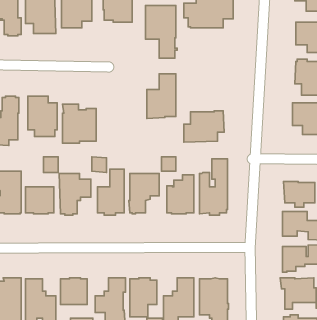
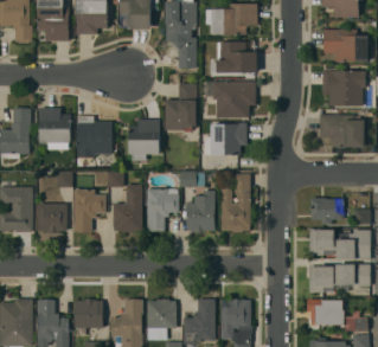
building: none -> [209,40,257,71]
building: none -> [201,81,255,117]
building: none -> [128,118,159,160]

